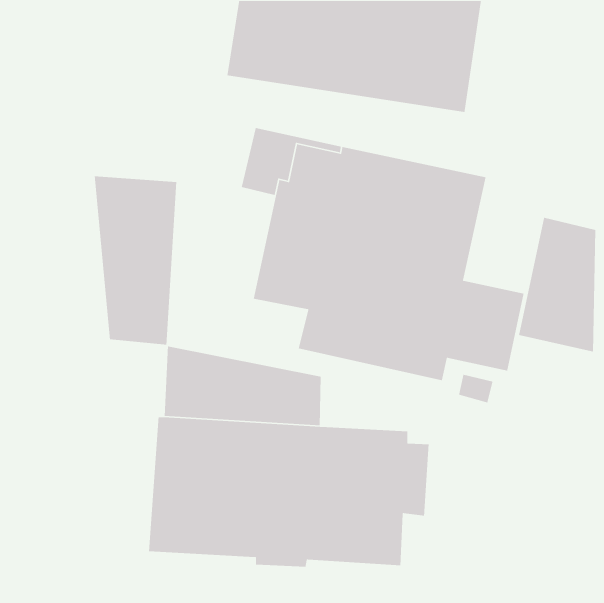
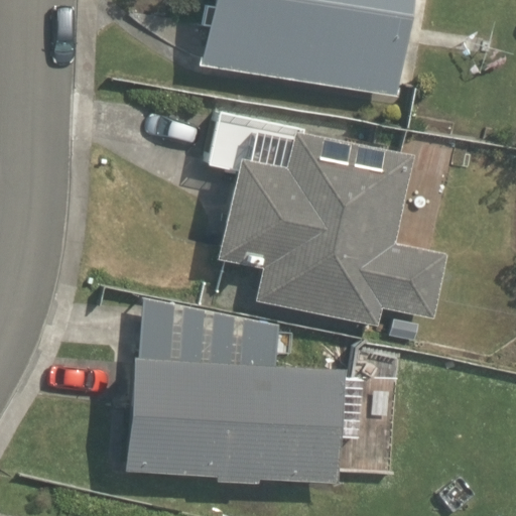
building: [94,176,177,345] -> none
building: [518,217,596,352] -> none

